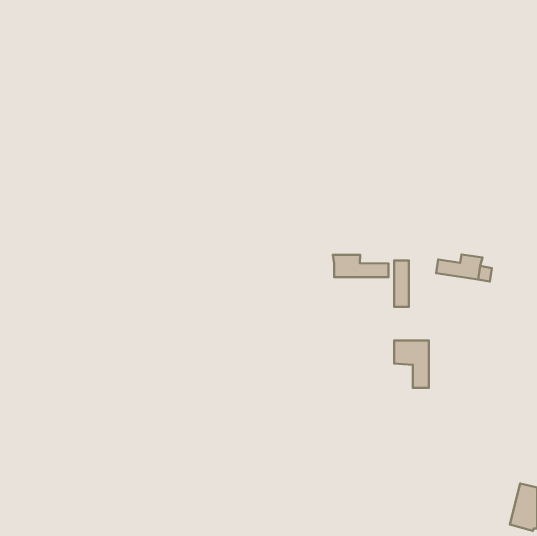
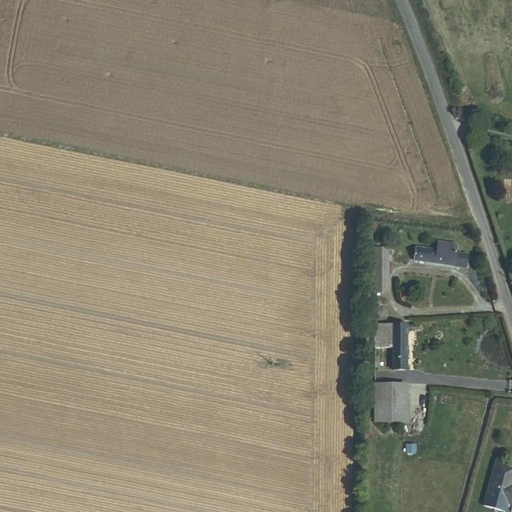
building: [333,255,388,277] -> none
building: none -> [375,382,403,423]

